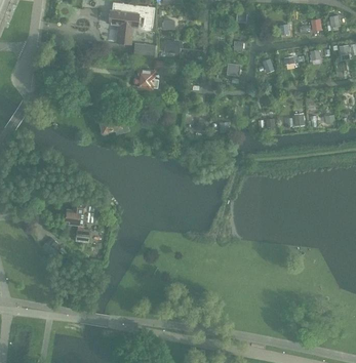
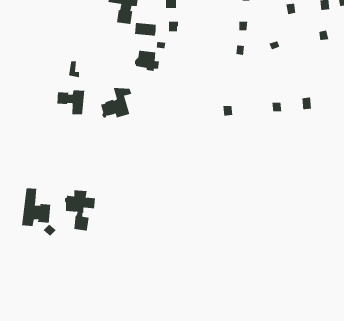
building: none -> [57,89,85,115]
building: none -> [21,188,51,227]

